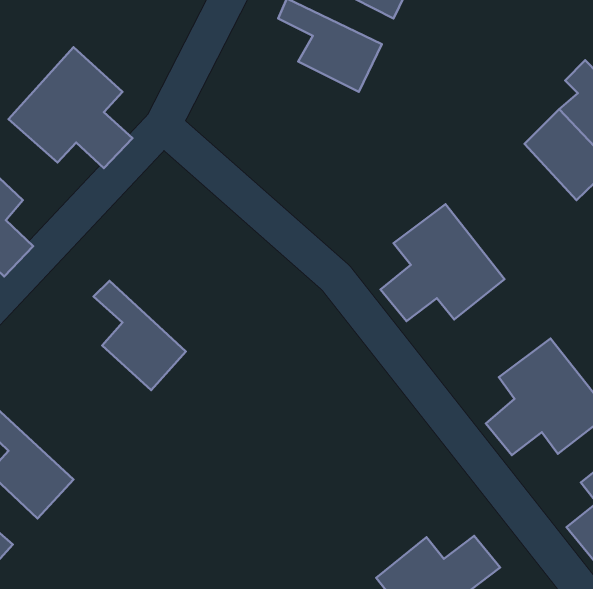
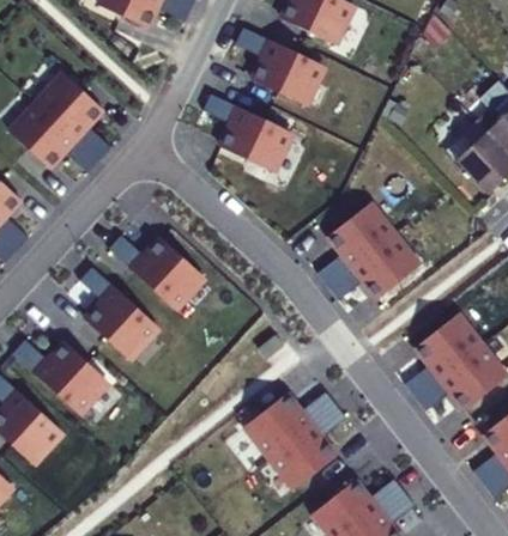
building: none -> [202,97,289,176]
building: none -> [110,236,205,307]
building: none -> [13,339,108,412]
building: none -> [247,390,350,488]

